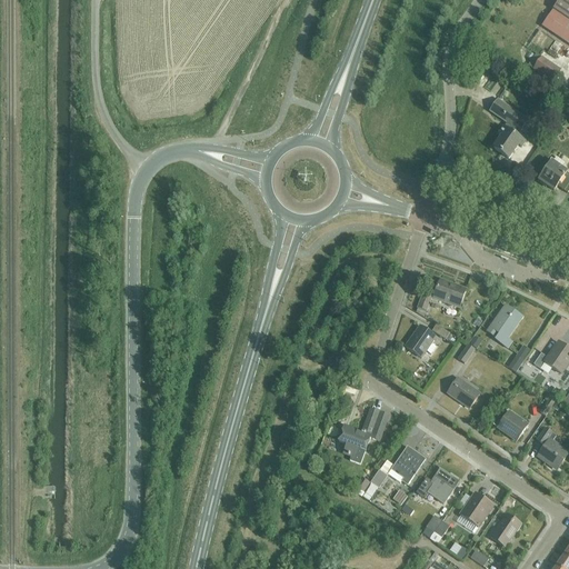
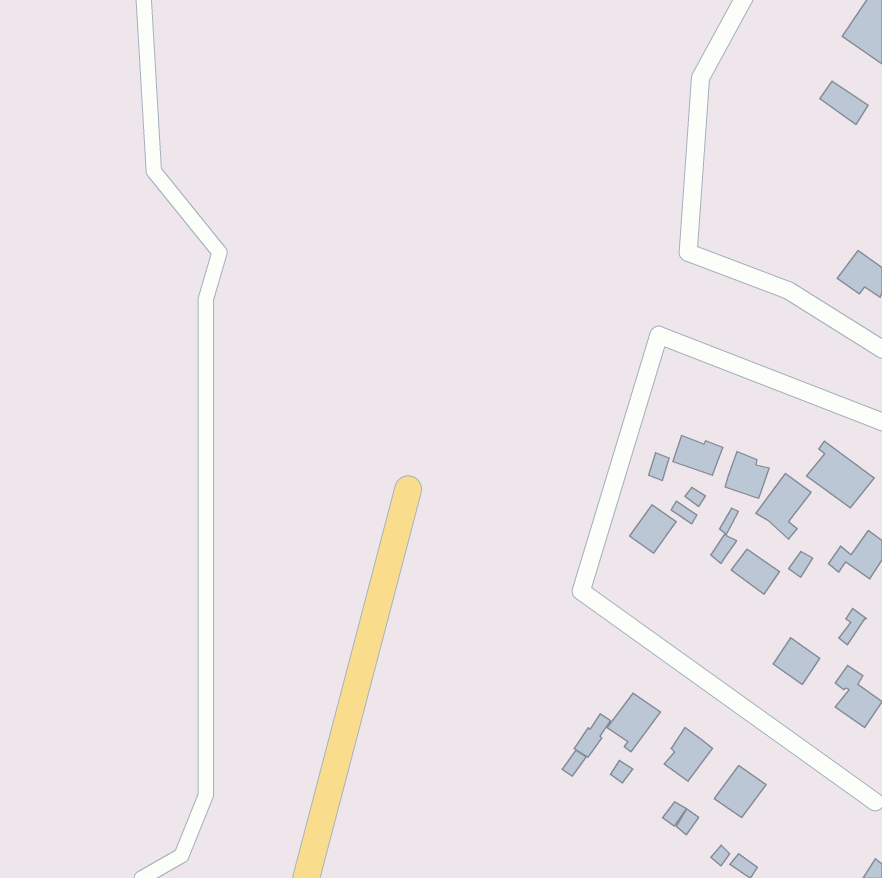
building: [489,97,528,157] -> none
building: none -> [807,441,874,508]
building: none -> [725,451,769,498]
building: [447,378,478,407] -> [731,549,780,594]
building: [338,408,386,462] -> none
building: [490,513,520,546] -> none

